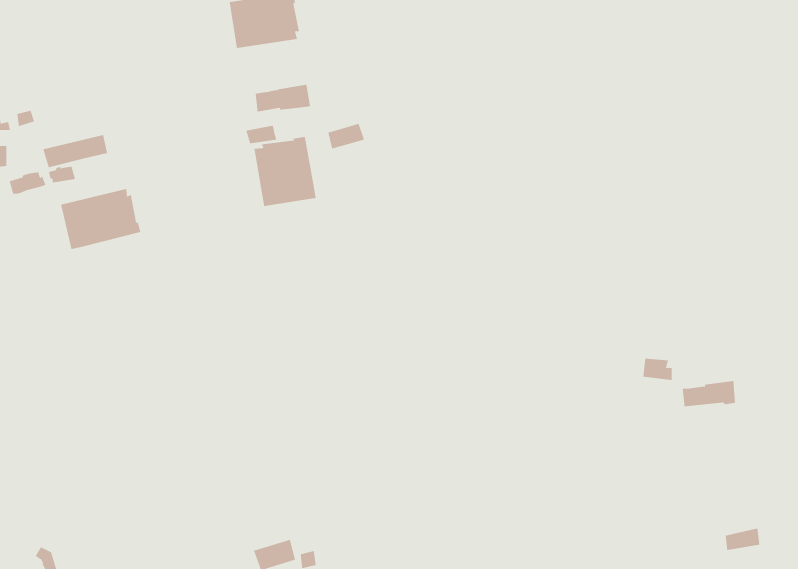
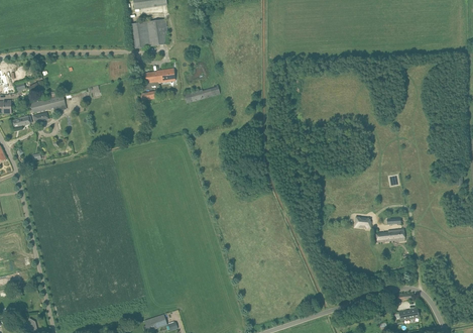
building: [254,136,316,207] -> none
building: [60,188,141,250] -> none

